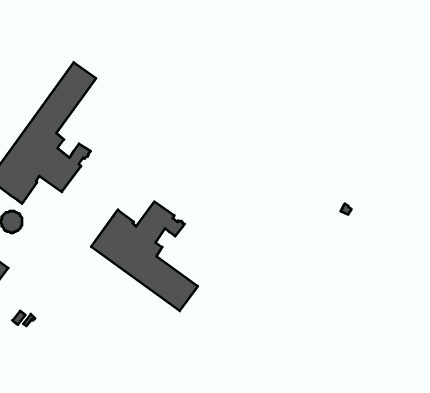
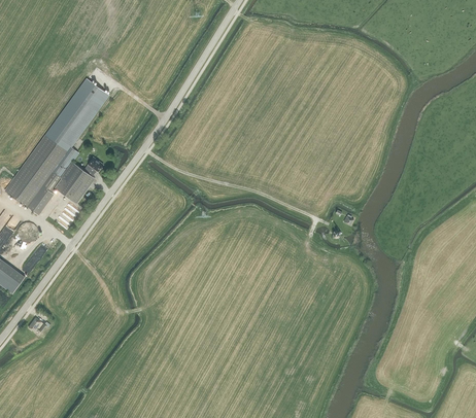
building: [91,202,198,311] -> none

